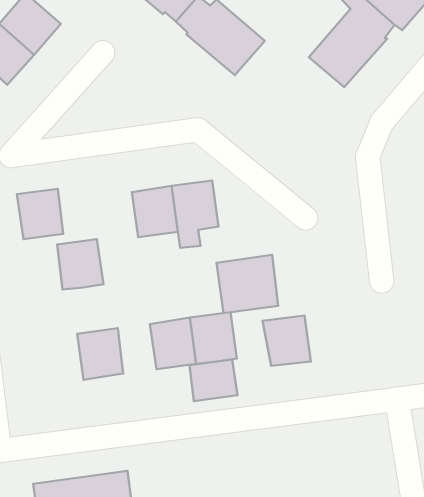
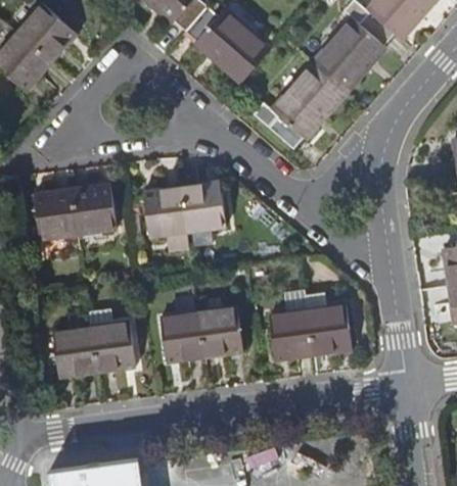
building: none -> [248,64,345,150]
building: [57,239,103,290] -> [72,185,116,233]
building: [216,255,278,313] -> none
building: none -> [307,305,351,354]
building: none -> [51,328,96,377]
building: [190,359,237,401] -> none

